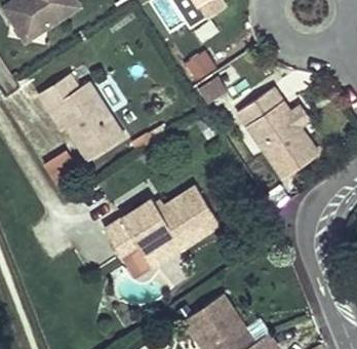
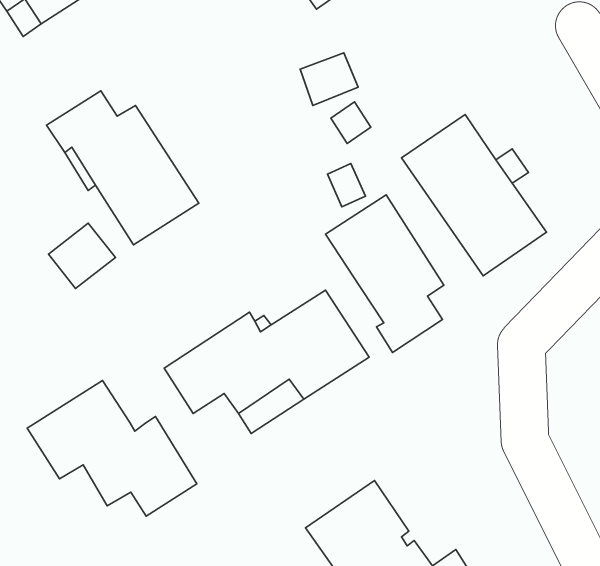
building: none -> [326,195,444,352]
building: none -> [27,381,197,516]

